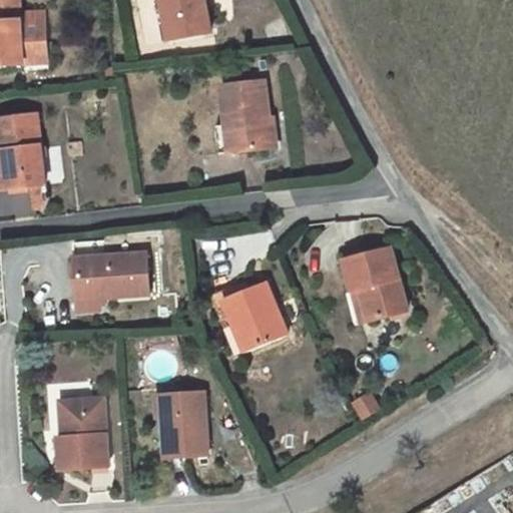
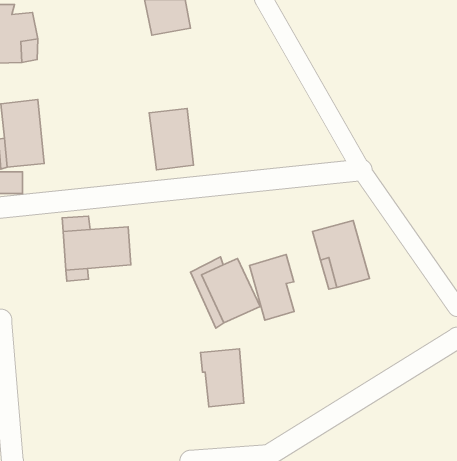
building: [221,80,271,148] -> [149,108,194,170]
building: none -> [249,255,294,320]
building: [153,391,201,455] -> [201,349,244,407]
building: [59,402,109,469] -> none

